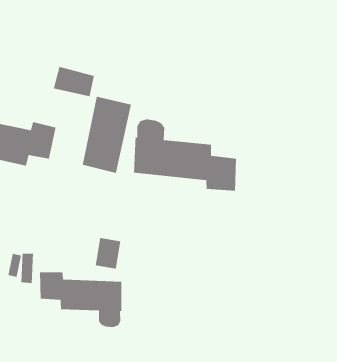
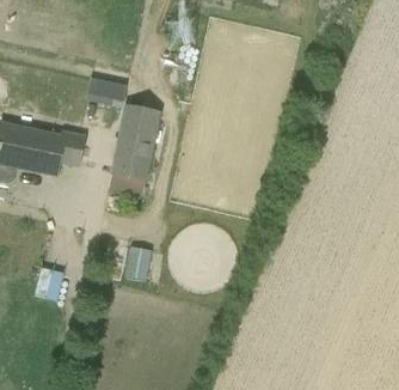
building: [133,119,237,192] -> none
building: [39,271,122,328] -> none

